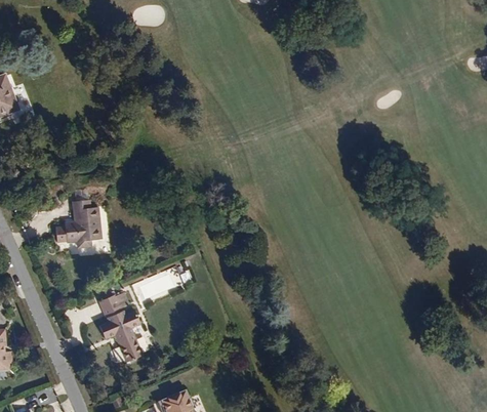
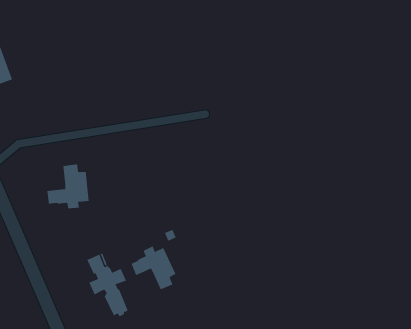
building: none -> [131,246,176,290]

